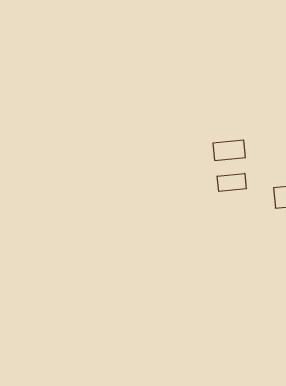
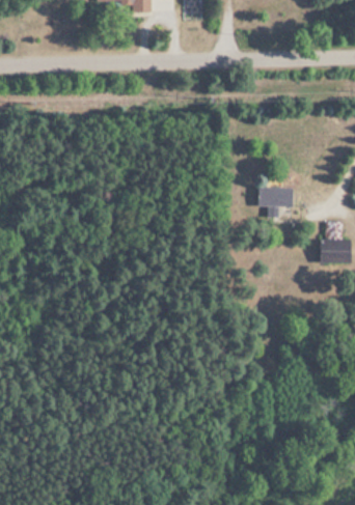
building: [217,173,246,191] -> none

